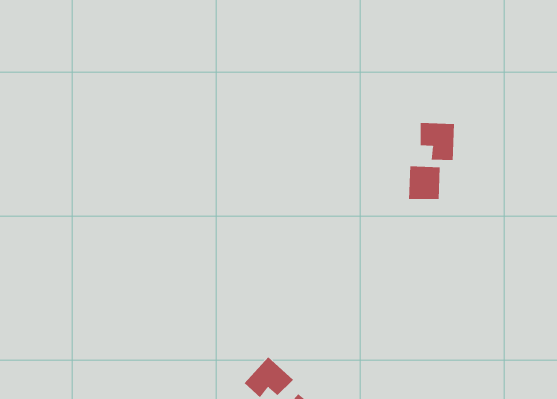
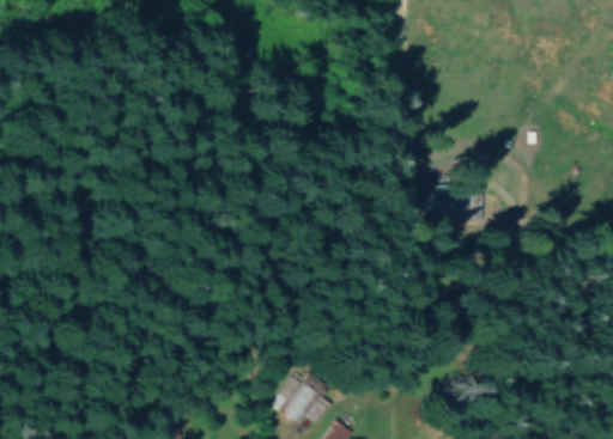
building: [420,122,454,161] -> none

